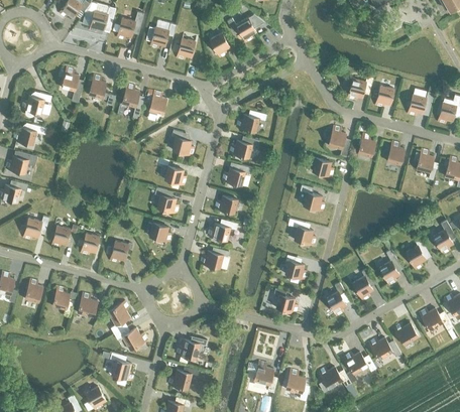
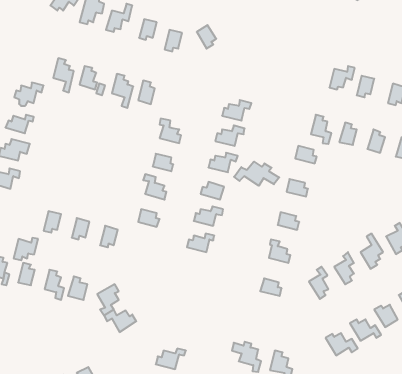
building: [226,14,262,42] -> none
building: none -> [234,162,279,186]
building: [22,217,47,240] -> [14,238,38,260]
building: [175,337,205,364] -> none
building: [109,352,132,381] -> none
building: [317,367,350,389] -> none

